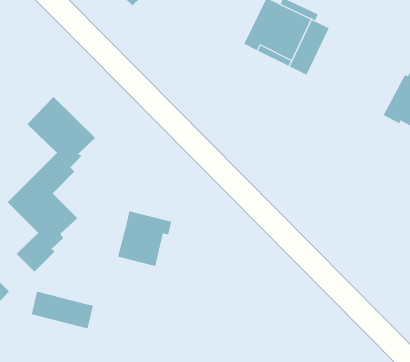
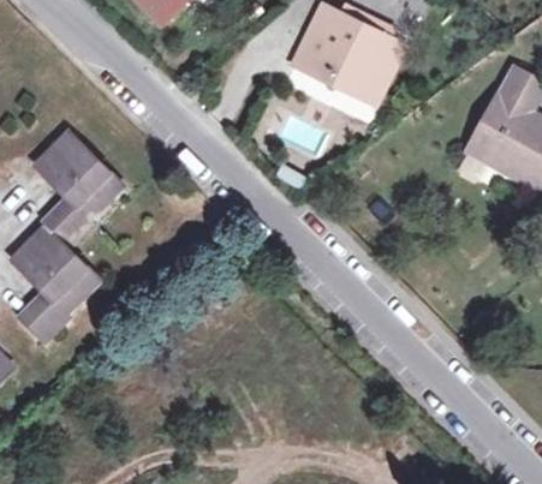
building: [118,211,172,267] -> none
building: [31,291,93,329] -> none

